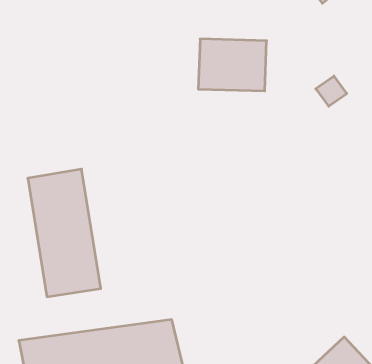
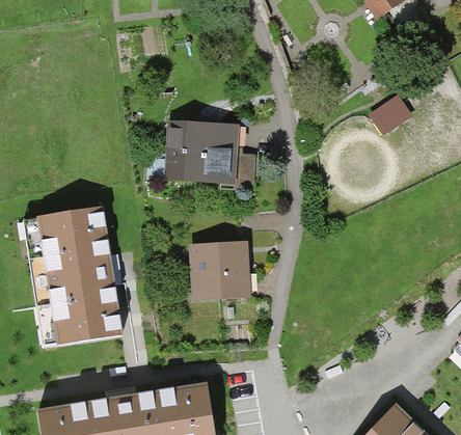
building: [198,39,267,91] -> [165,124,243,183]
building: none -> [191,244,248,298]

